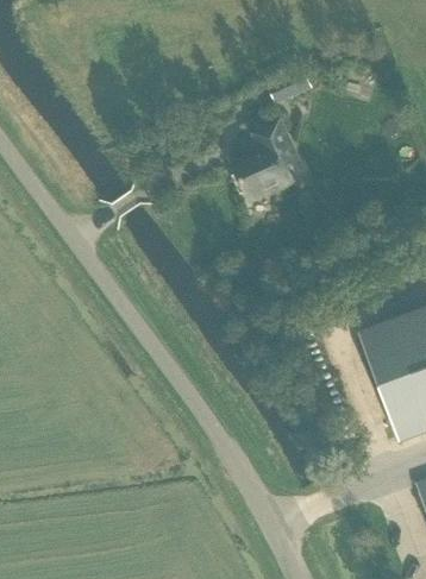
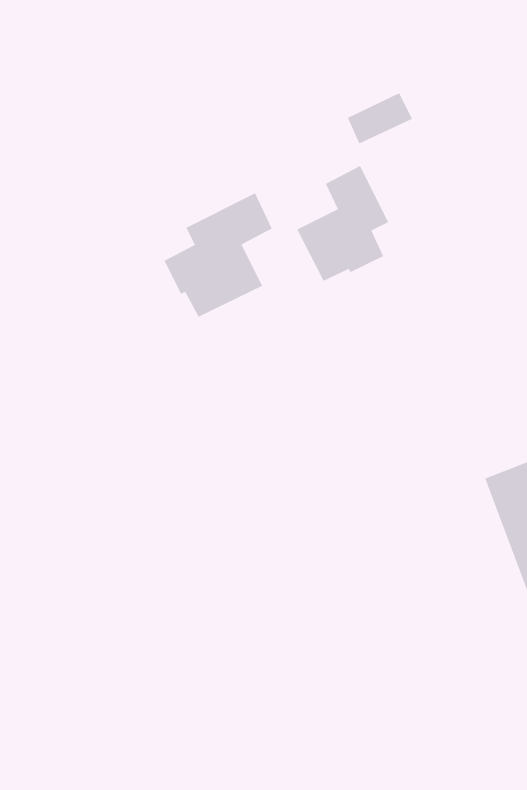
building: none -> [163,192,273,318]

